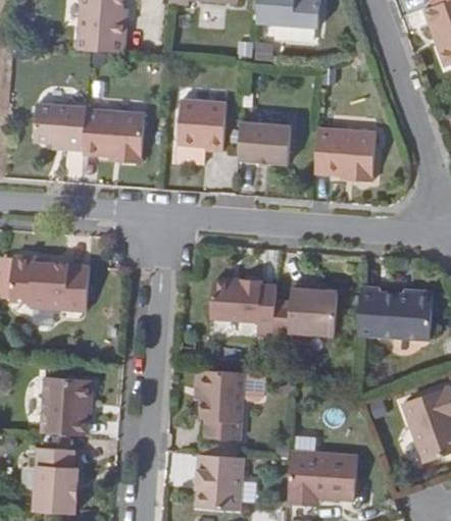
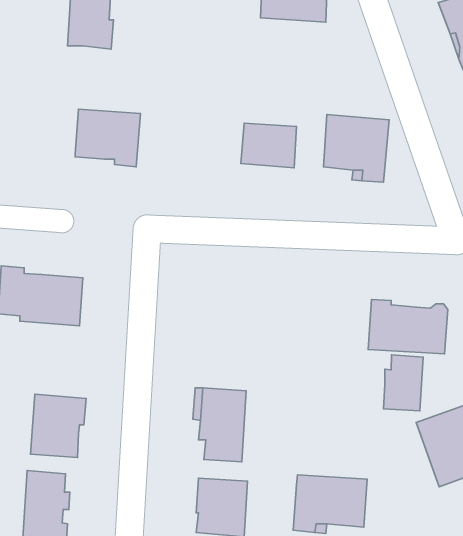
building: [177,101,225,152] -> none
building: [34,104,86,151] -> none
building: [209,279,275,335] -> none
building: [288,284,337,334] -> none
building: none -> [383,355,423,411]

